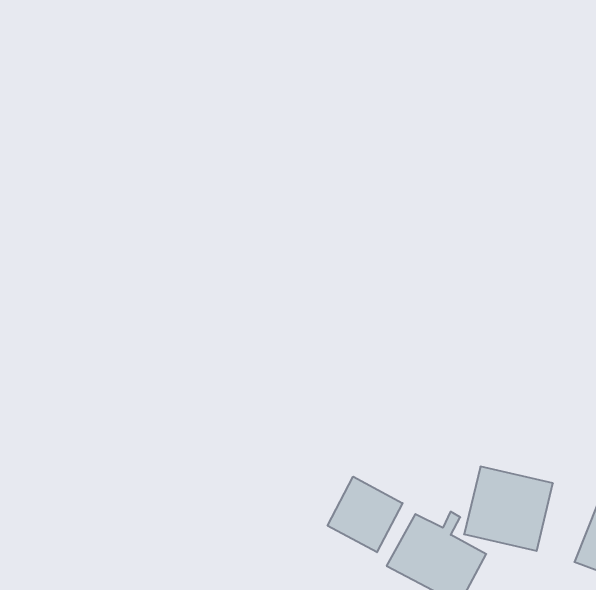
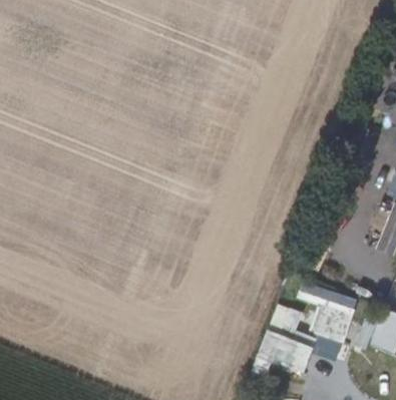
building: [328,477,403,552] -> none

